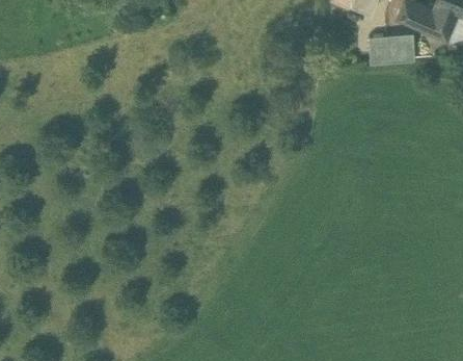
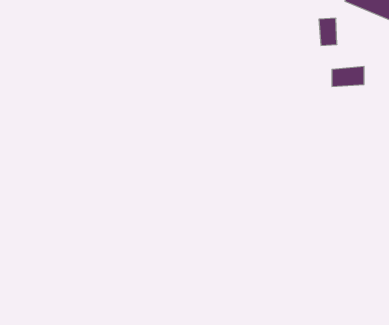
building: [387,41,420,61] -> [332,66,364,86]

